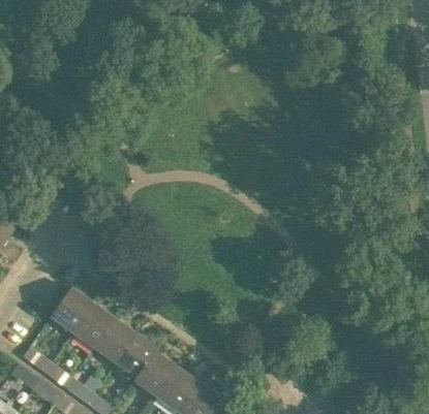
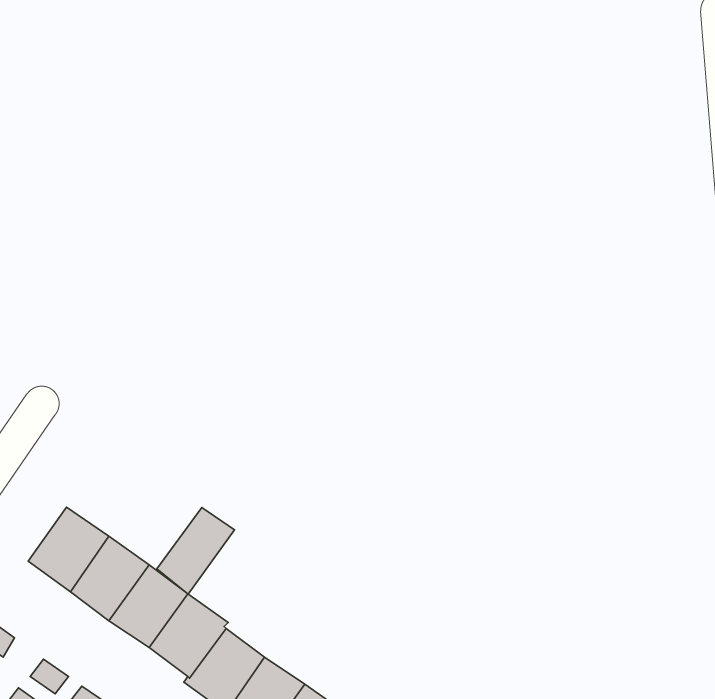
building: none -> [157,507,235,594]

